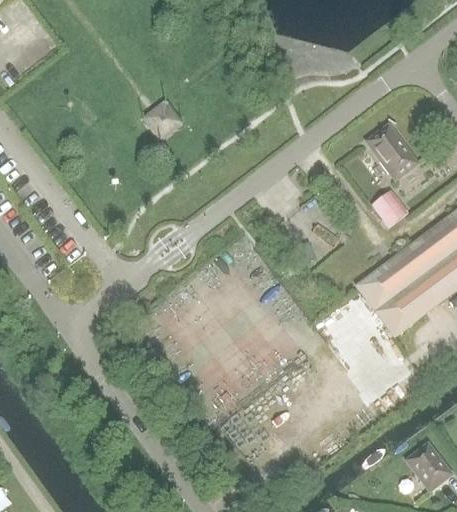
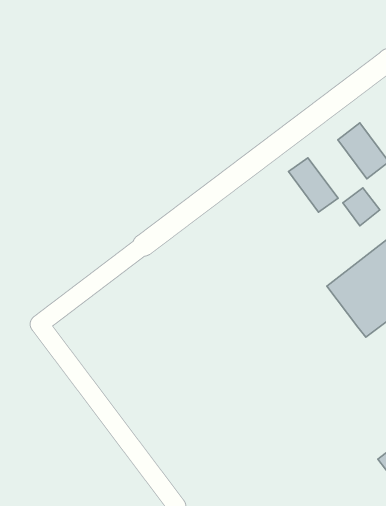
building: [143,100,182,139] -> none
building: none -> [288,158,338,212]

